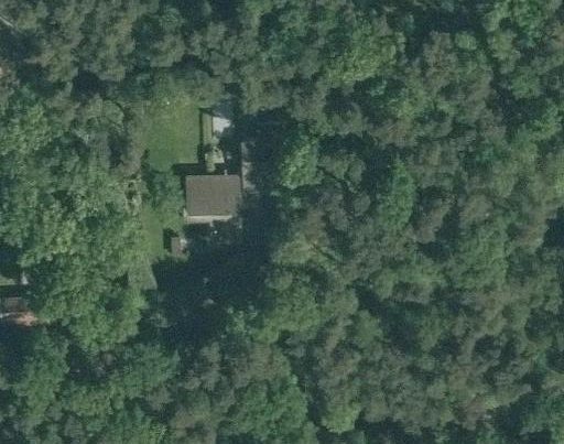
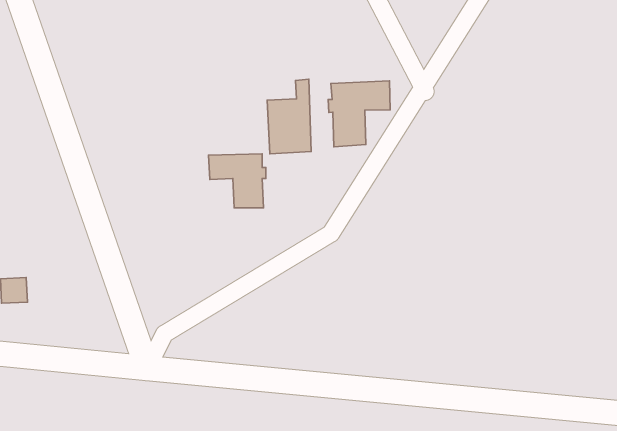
building: none -> [328,81,390,147]

